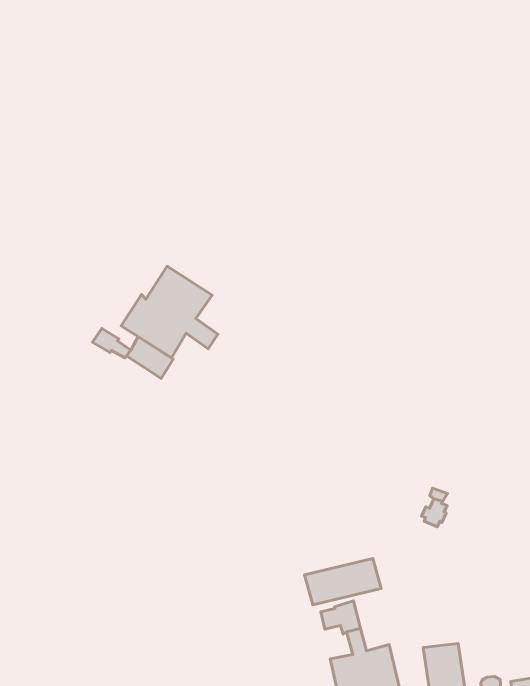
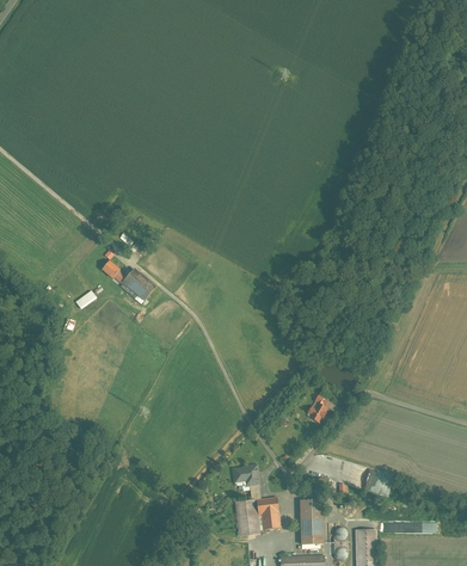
building: [121,266,218,358] -> none
building: [305,559,381,605] -> none

